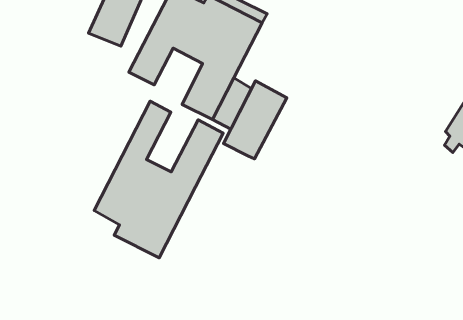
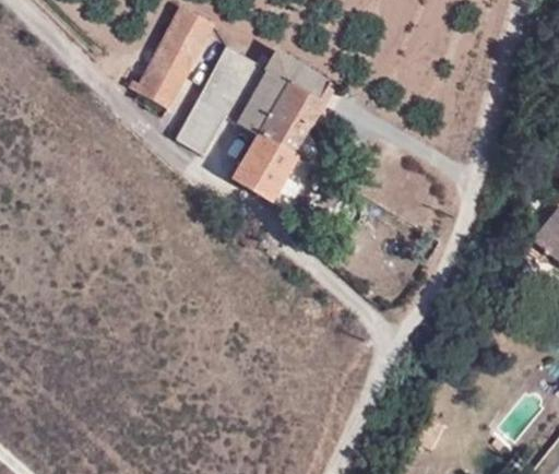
building: [224,81,287,159] -> none
building: [94,101,223,258] -> none

